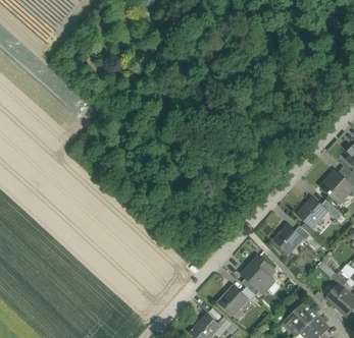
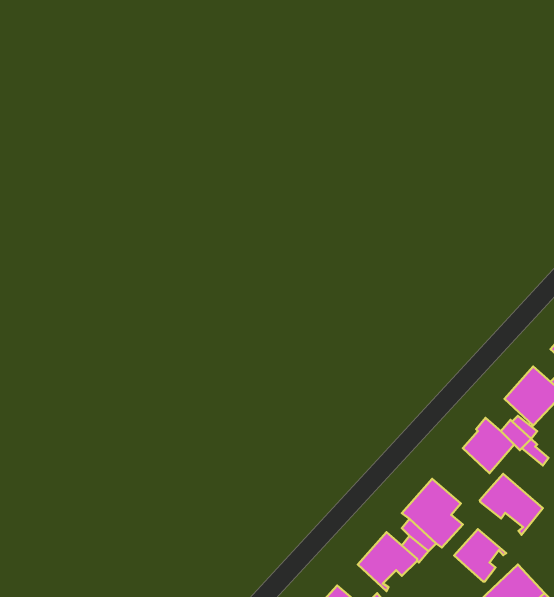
building: none -> [480,474,543,535]
building: none -> [454,529,506,581]

